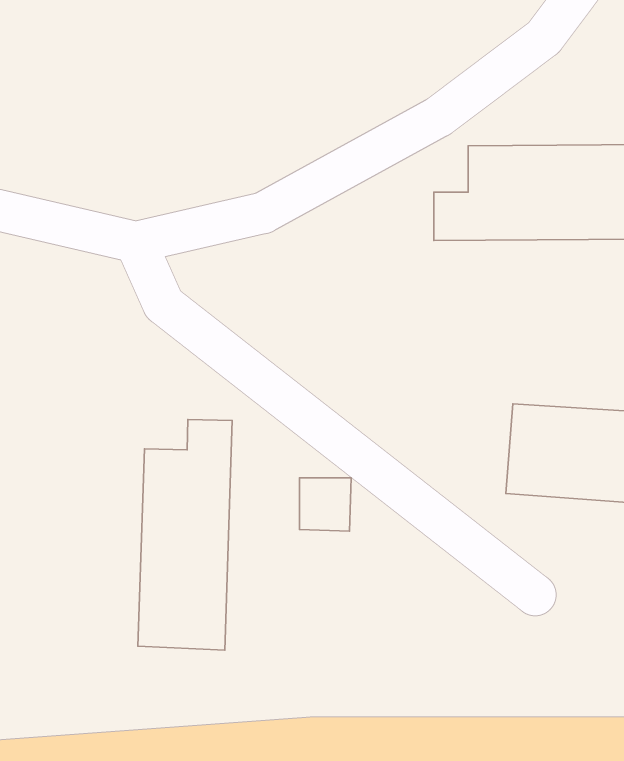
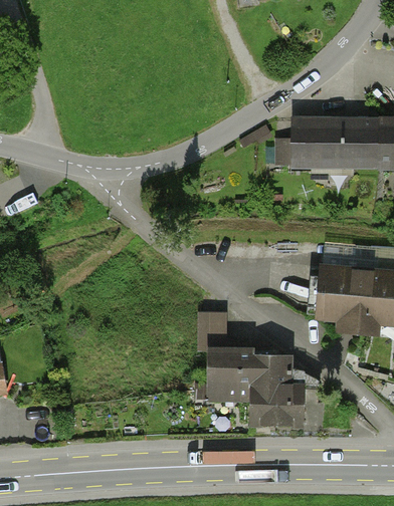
building: [138,419,232,650] -> none
building: none -> [208,346,302,427]

